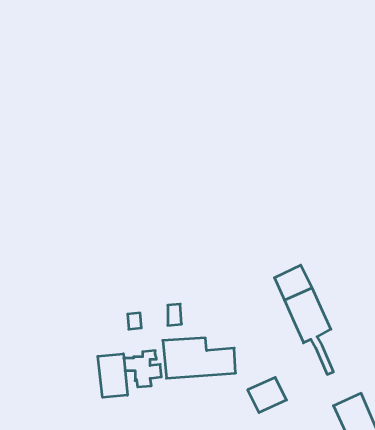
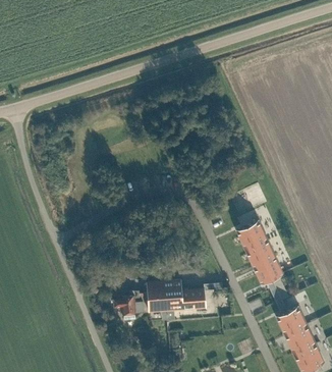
building: [98,354,127,397] -> none
building: [248,377,287,413] -> [276,308,308,336]

